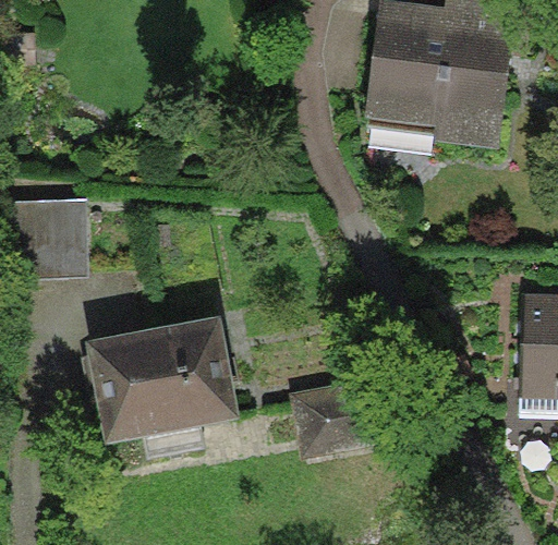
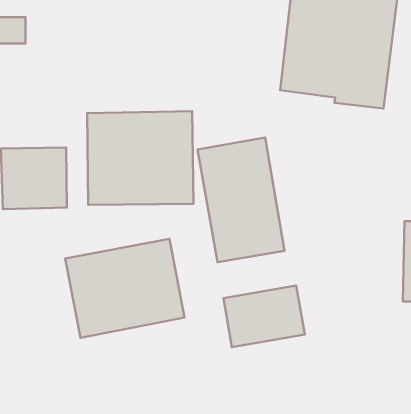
building: none -> [87,111,194,205]
building: none -> [197,138,284,262]

